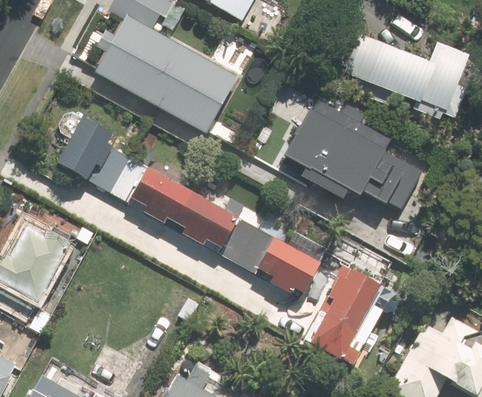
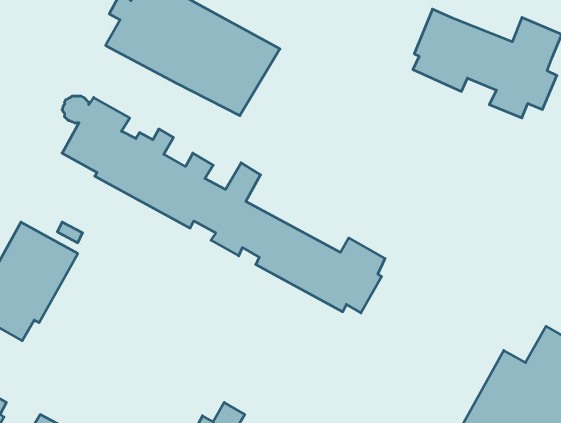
building: [288,100,423,209] -> none
building: [302,265,399,376] -> none

